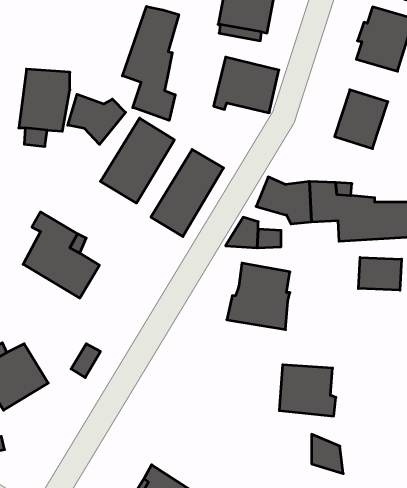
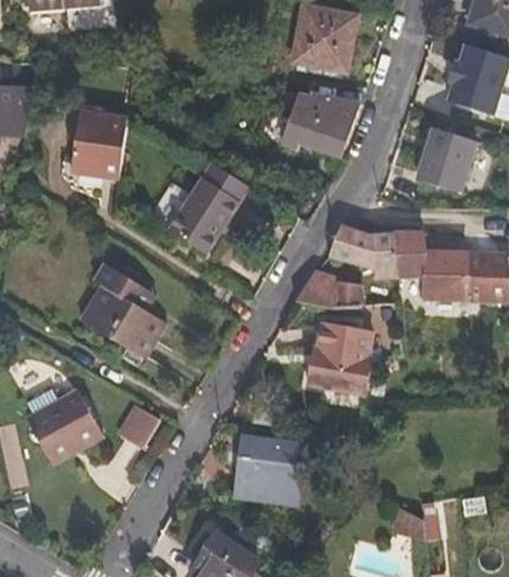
building: [122,6,179,120] -> none
building: [68,94,126,144] -> none
building: [151,149,224,237] -> none
building: [358,257,402,290] -> none
building: [279,365,336,416] -> [240,447,302,503]

